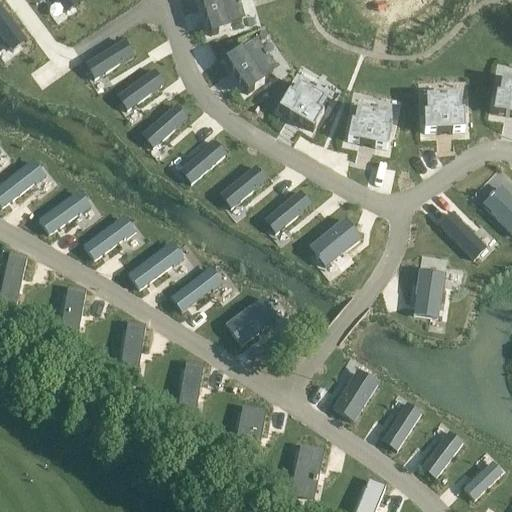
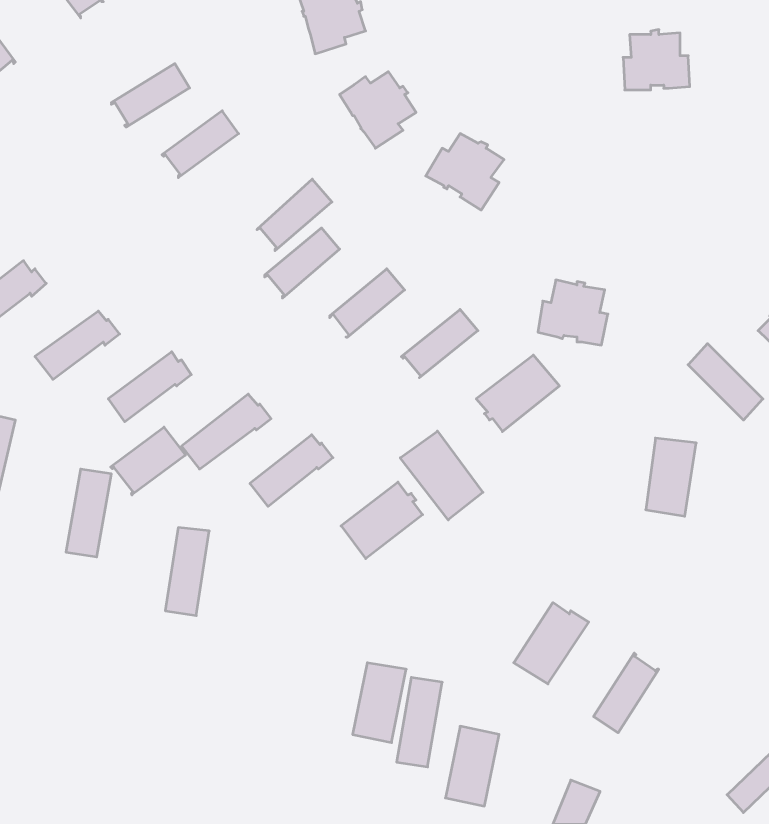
building: [423,94,464,131] -> [623,30,690,90]
building: [141,103,187,147] -> [257,179,332,251]
building: [347,107,390,147] -> [538,280,608,345]
building: none -> [111,427,185,495]
building: none -> [400,431,483,520]
building: [175,363,203,418] -> [397,677,442,767]
building: [421,430,462,477] -> none

